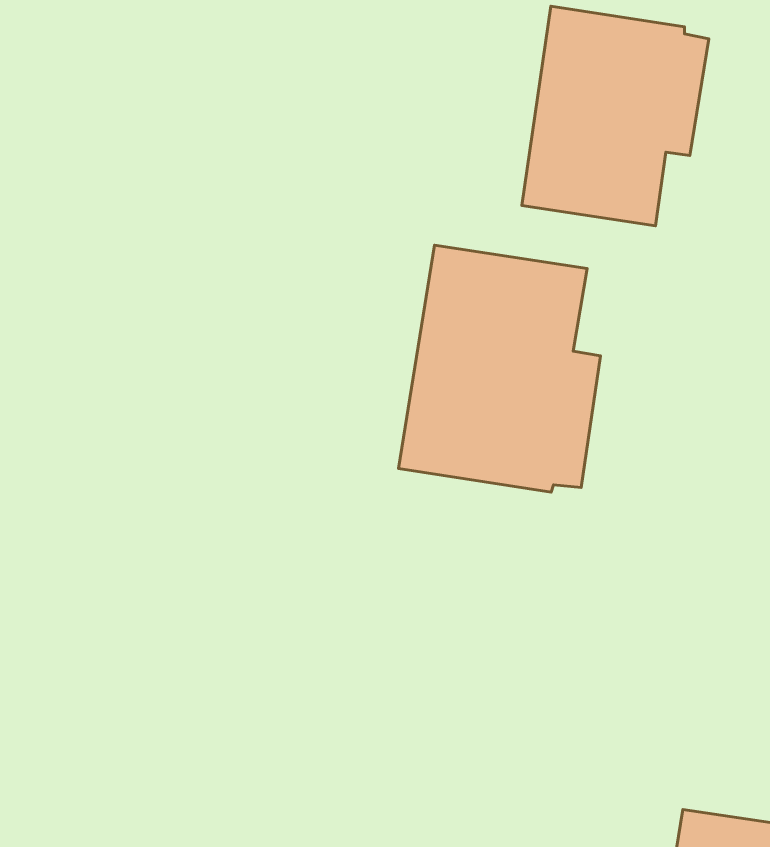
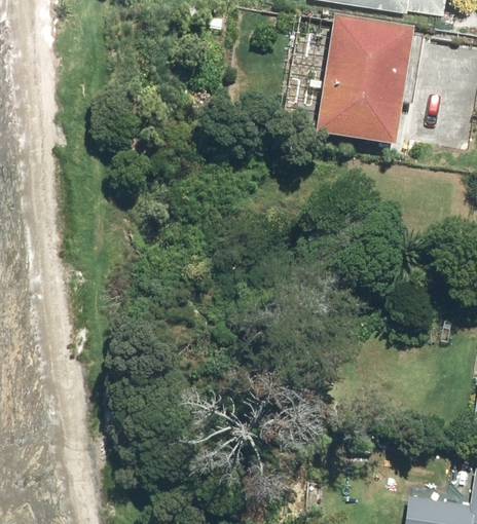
building: [399,245,601,492] -> none

